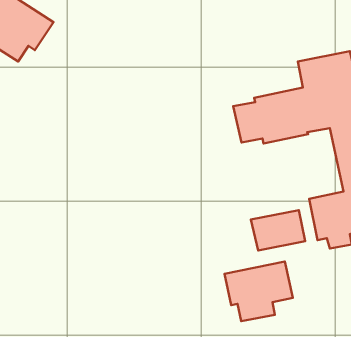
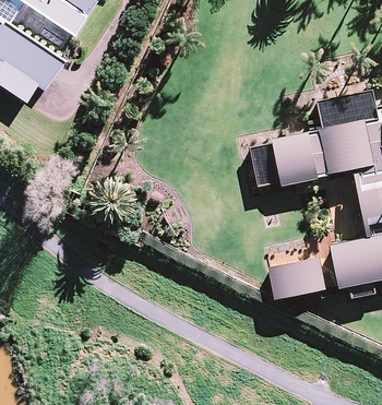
building: [224,262,293,321] -> none

